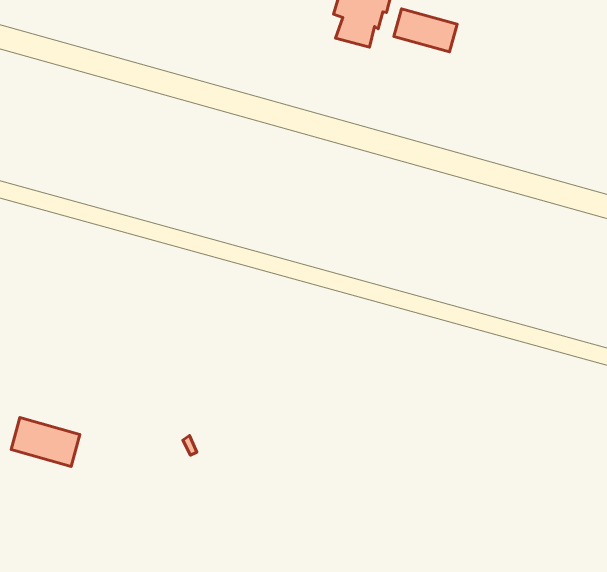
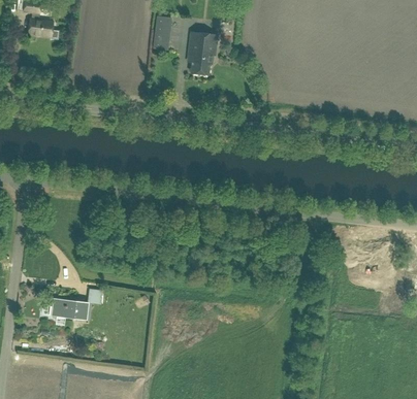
building: [394,9,457,52] -> none

